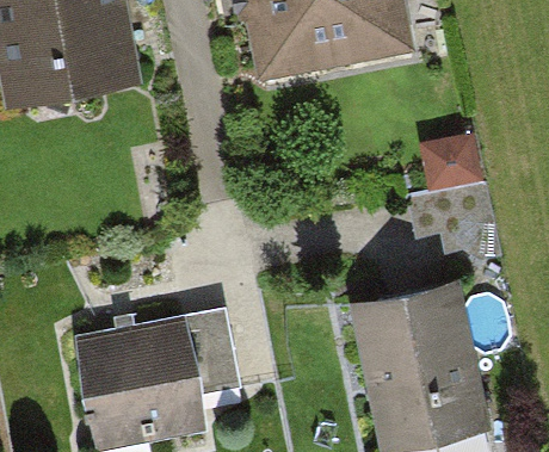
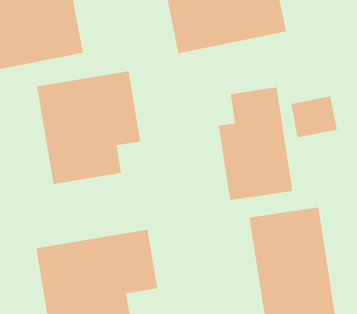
building: none -> [37,71,141,185]
building: none -> [218,87,293,201]

